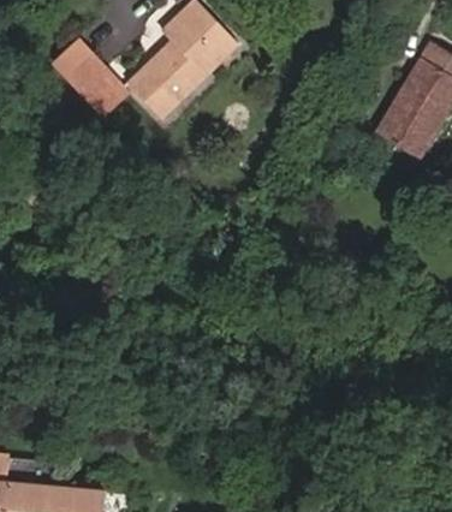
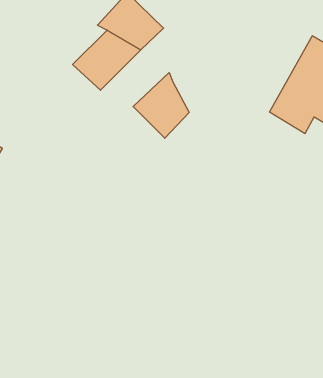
building: [57,44,133,119] -> none
building: none -> [133,73,189,138]

